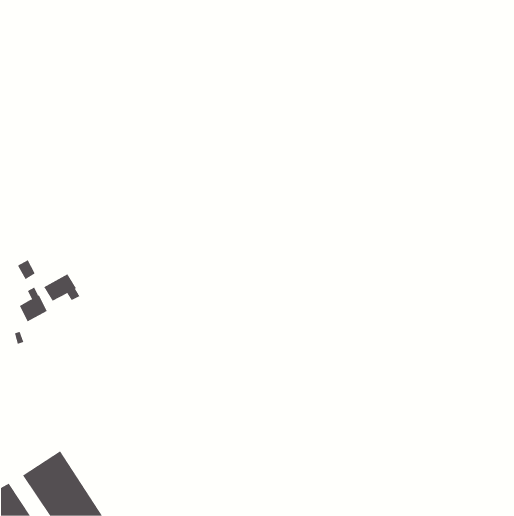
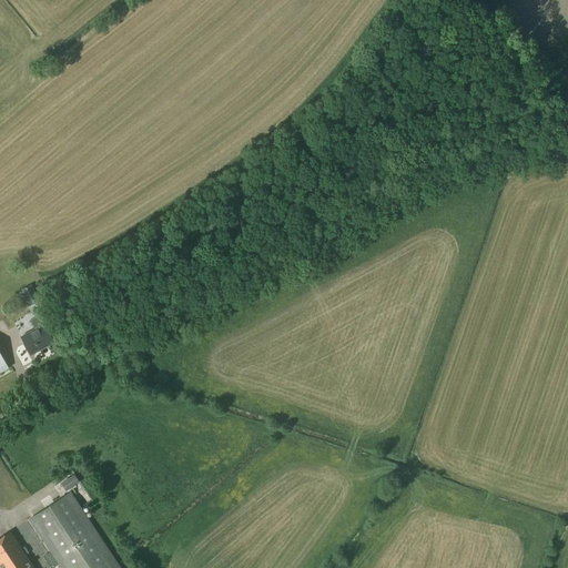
building: [43,274,80,301] -> none

